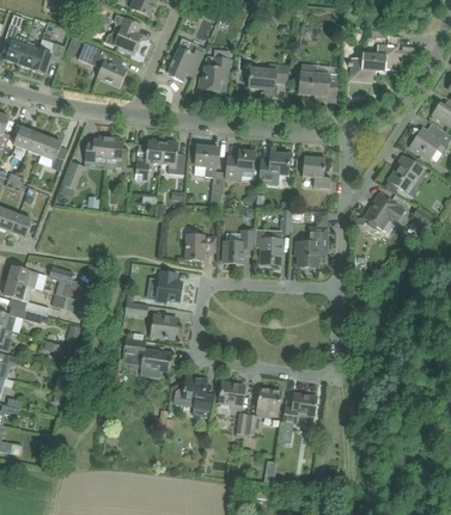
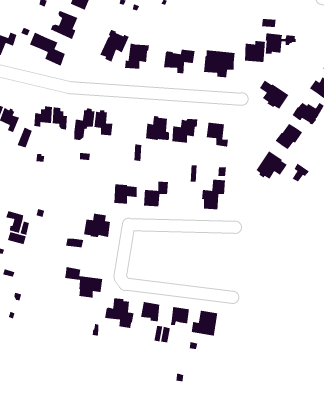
building: none -> [259,80,290,110]
building: [195,145,218,177] -> none
building: [260,237,282,264] -> none
building: [151,314,177,338] -> none

